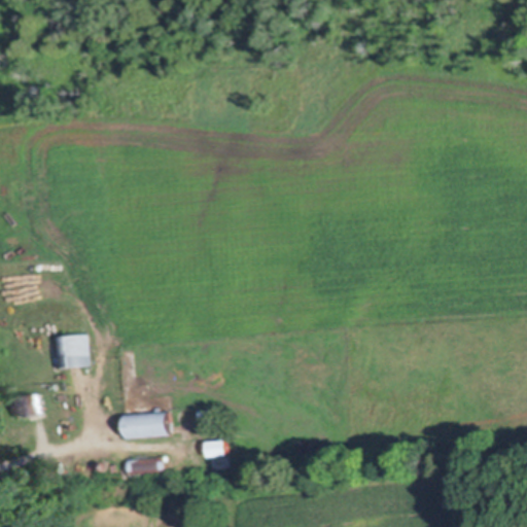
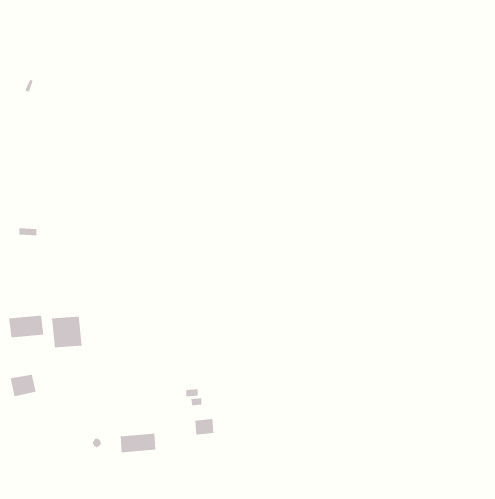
building: none -> [9,315,44,338]
building: [122,412,169,440] -> none

